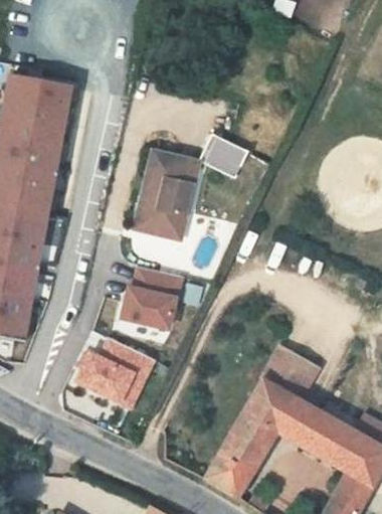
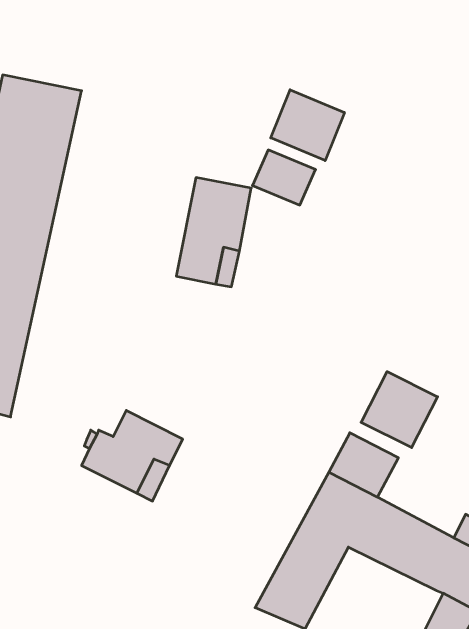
building: none -> [271,90,344,161]
building: [118,266,178,327] -> none
building: none -> [361,372,438,448]

